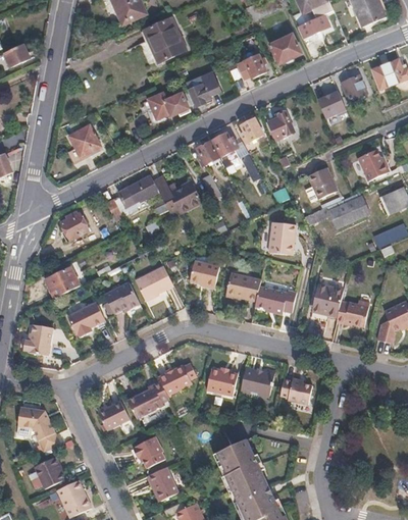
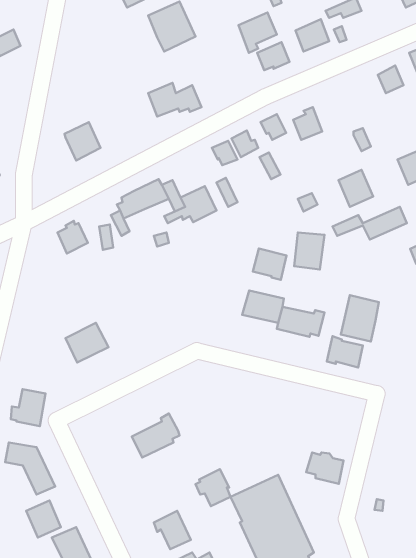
building: [186,70,219,106] -> [239,12,277,53]
building: [315,90,345,121] -> none
building: [190,260,219,288] -> [253,248,287,280]
building: [135,266,173,299] -> none
building: [43,267,76,298] -> none
building: [103,280,139,313] -> none
building: [336,299,367,326] -> [327,336,363,367]
building: [22,323,53,356] -> [11,389,46,426]
building: [158,363,196,396] -> none
building: [239,366,274,397] -> none
building: [205,368,237,397] -> none
building: [278,378,311,406] -> [306,452,343,484]
building: [97,401,130,431] -> none
building: [134,435,164,468] -> [196,469,230,506]

